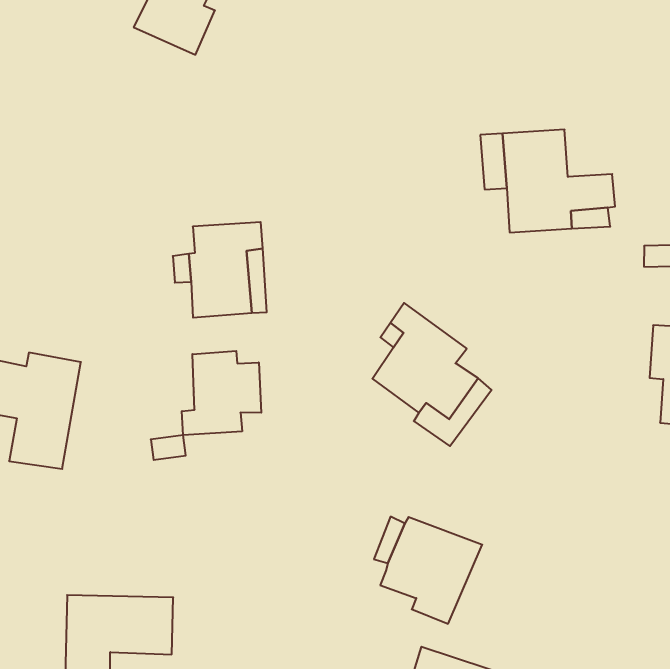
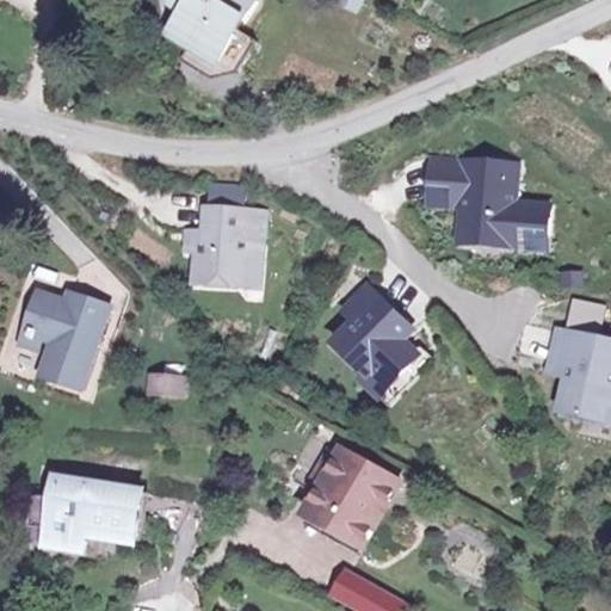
building: [182,351,261,435] -> none
building: none -> [302,494,364,556]

